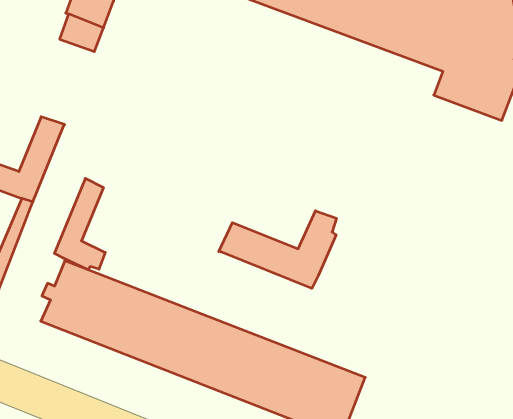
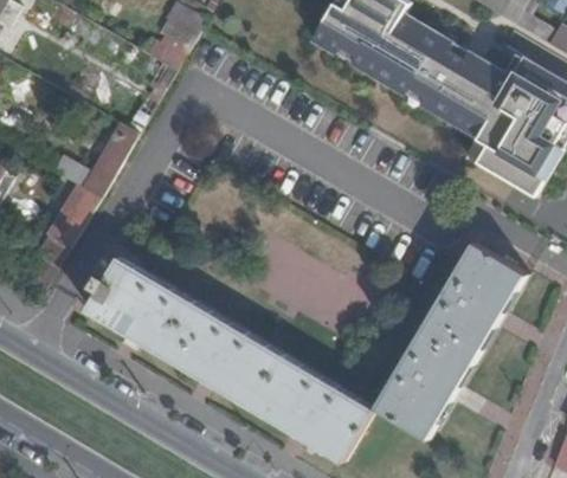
building: [54,178,105,270] -> none
building: none -> [372,240,526,439]
building: [219,211,336,288] -> none

